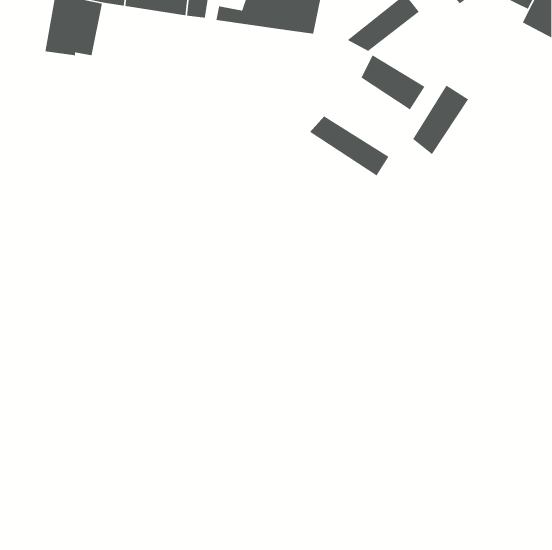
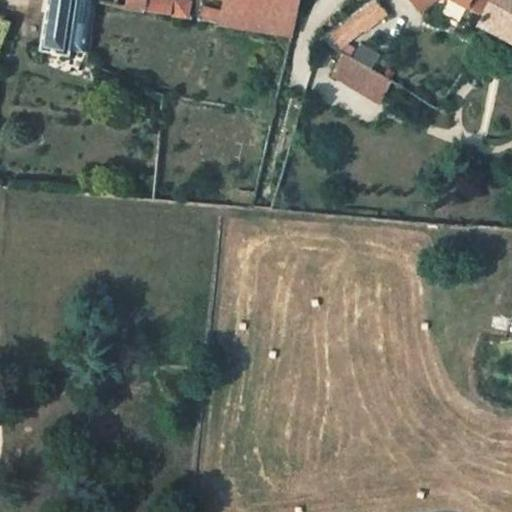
building: [412,84,469,155] -> none
building: [309,115,389,176] -> none

